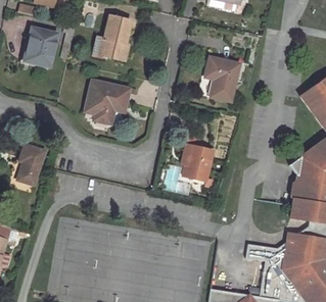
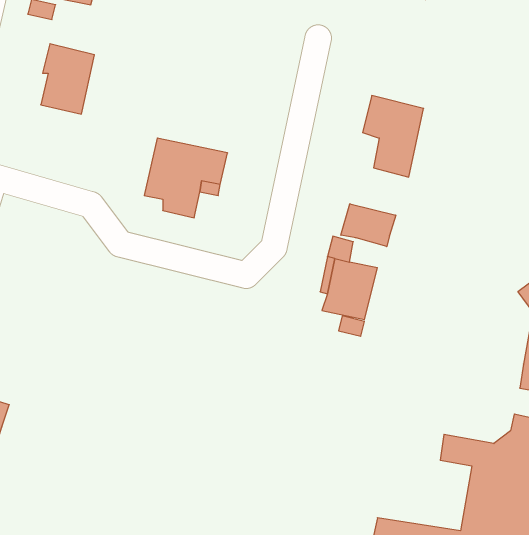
building: [100,15,131,59] -> none
building: none -> [341,204,396,247]
building: [16,144,44,184] -> none

